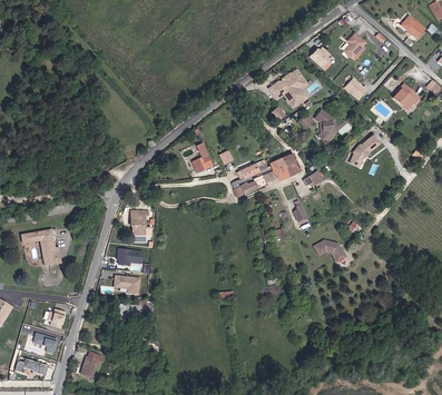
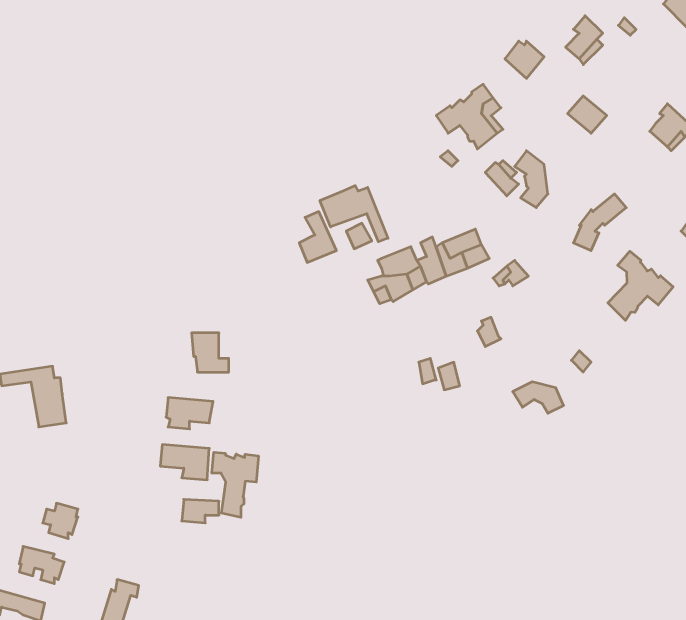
building: none -> [320,186,388,242]
building: none -> [608,251,673,320]
building: none -> [212,452,258,517]

